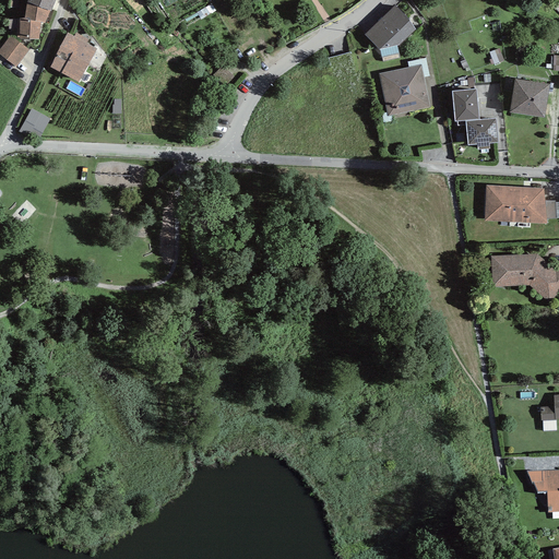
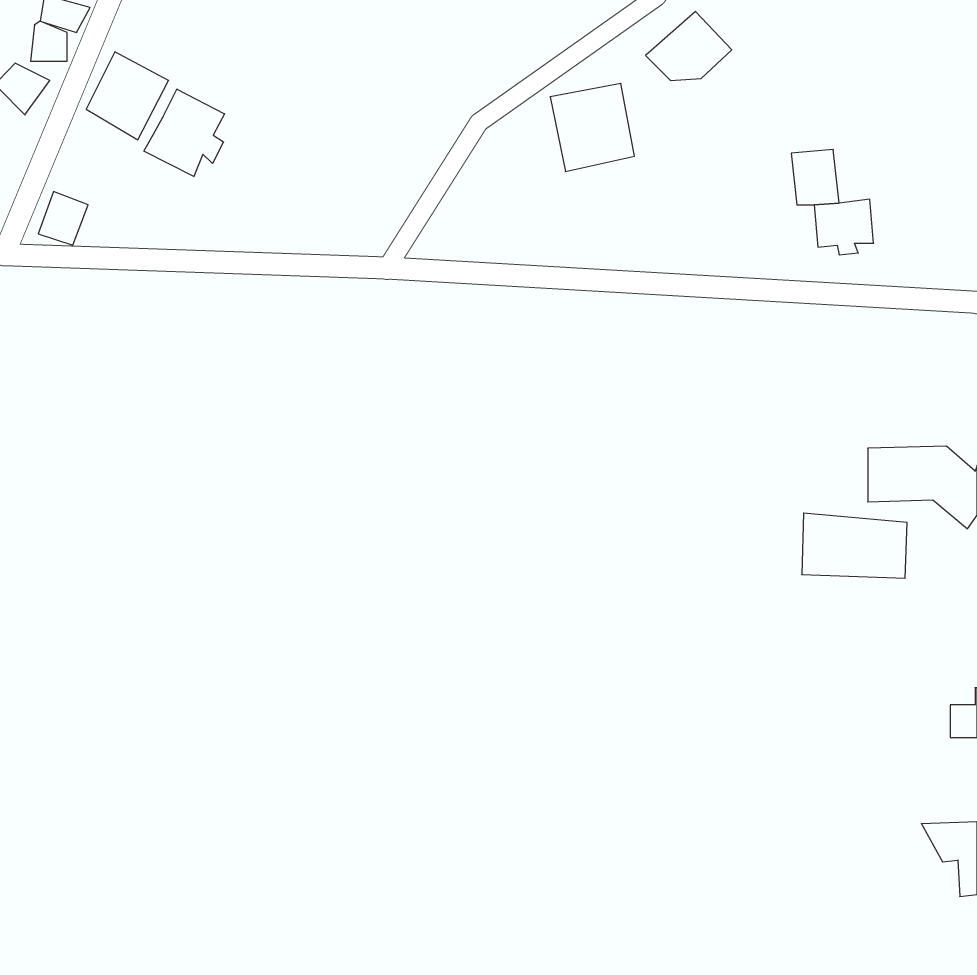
building: none -> [144,89,225,177]
building: [382,64,430,115] -> [550,83,634,172]
building: [513,78,550,114] -> none
building: [486,185,546,222] -> [802,513,907,578]

